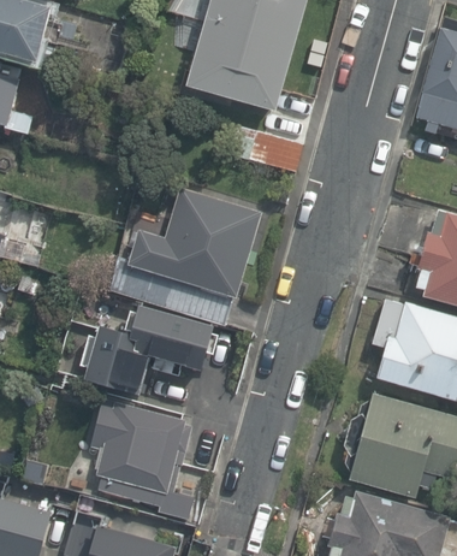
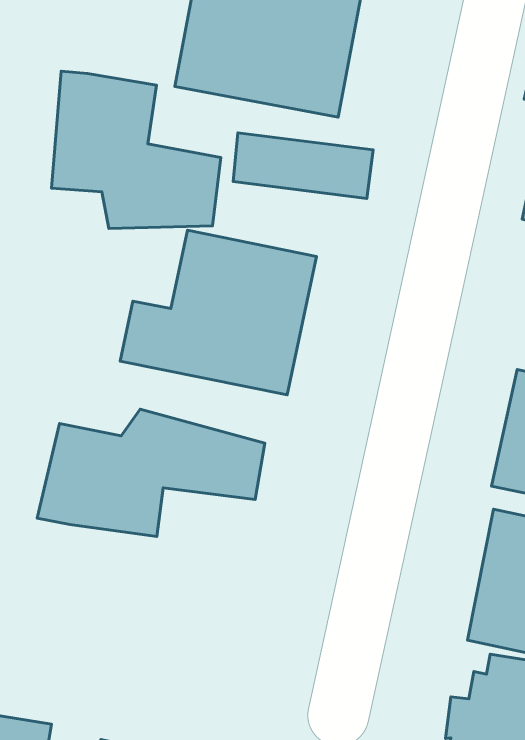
building: none -> [51,71,221,228]
building: [76,391,188,509] -> none

